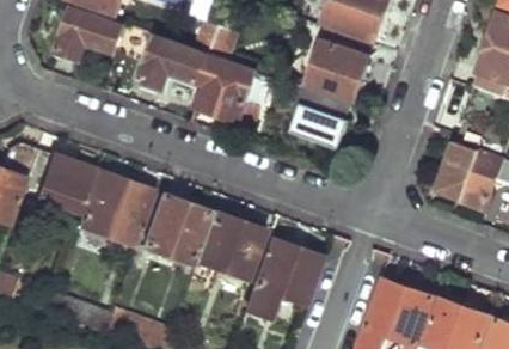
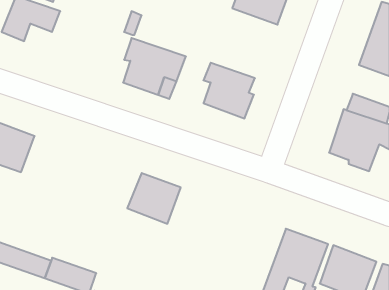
building: [121,27,206,93] -> none
building: [299,29,373,100] -> none
building: [76,171,157,247] -> none
building: [134,196,208,275] -> none
building: [247,241,319,319] -> none

